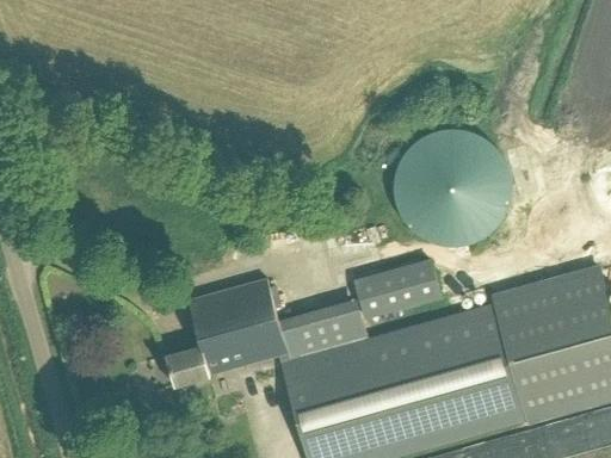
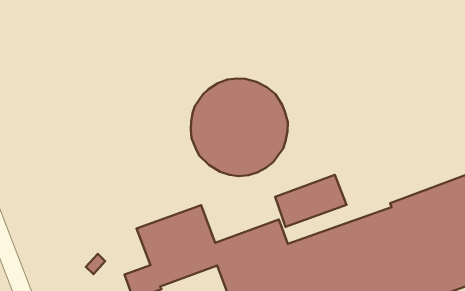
building: [395,128,512,245] -> [191,79,288,176]

